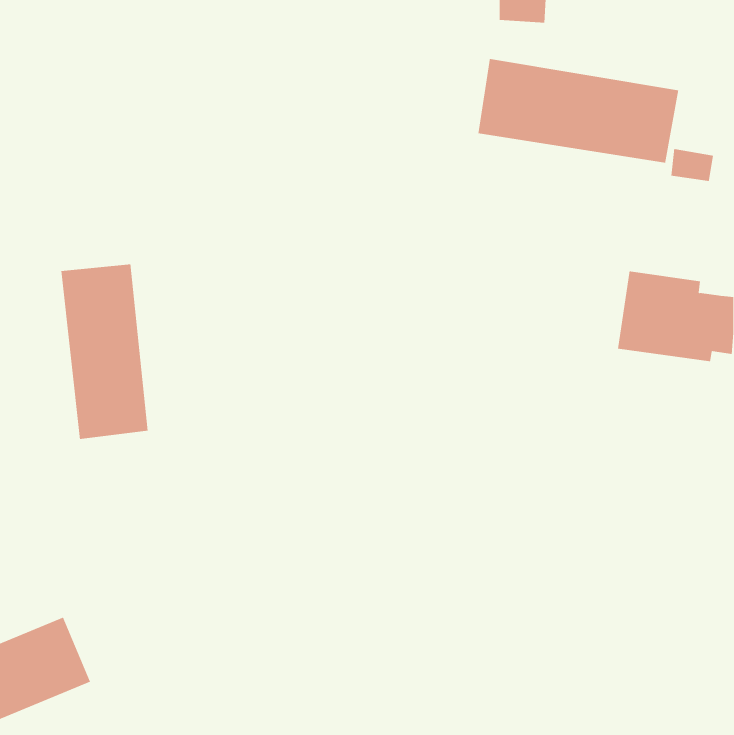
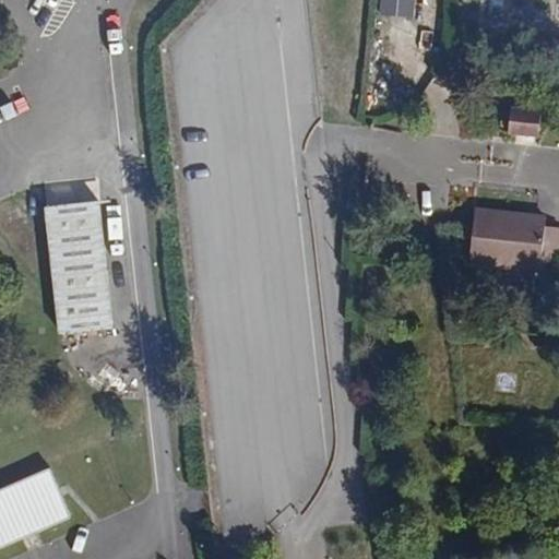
building: [478,58,679,164] -> none

